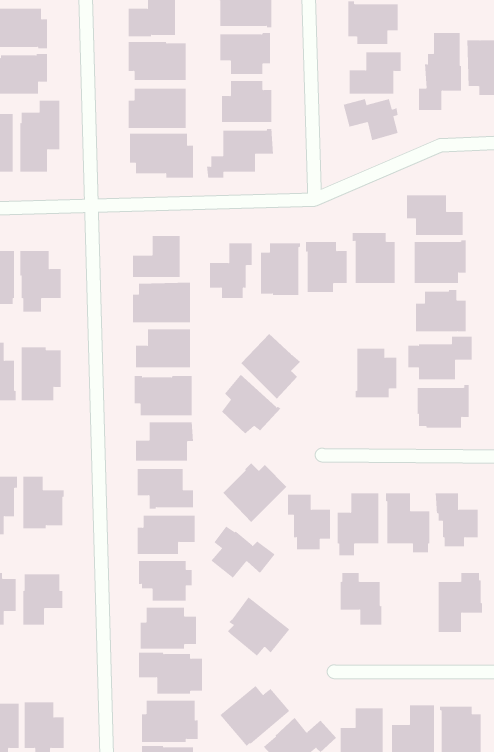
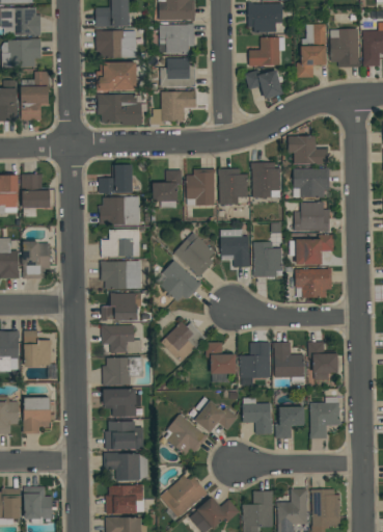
building: none -> [220,230,249,267]
building: [211,526,275,578] -> [193,397,238,433]
building: none -> [275,406,304,438]

